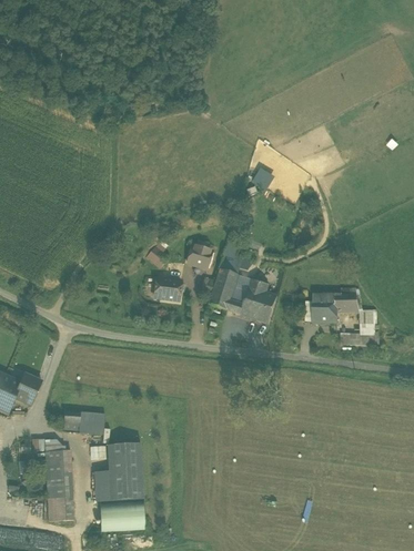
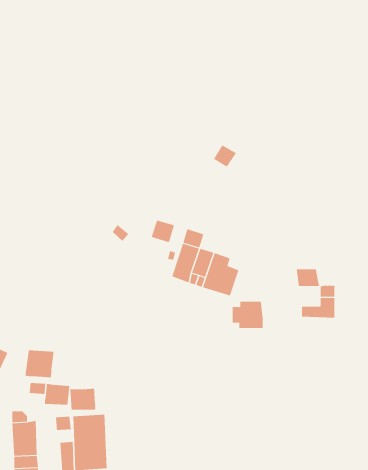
building: [154,278,181,300] -> none
building: [305,295,337,323] -> [232,301,264,328]
building: none -> [25,349,54,378]
building: none -> [70,388,96,411]

